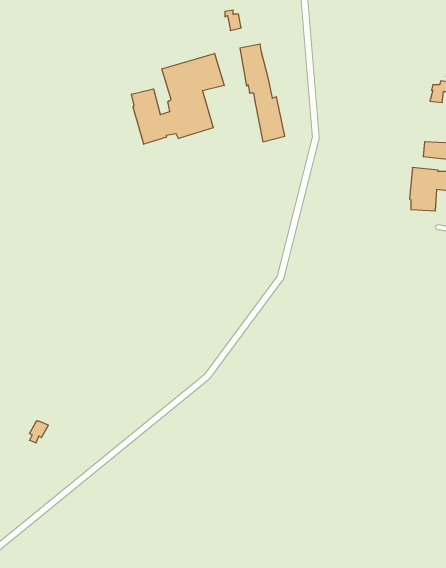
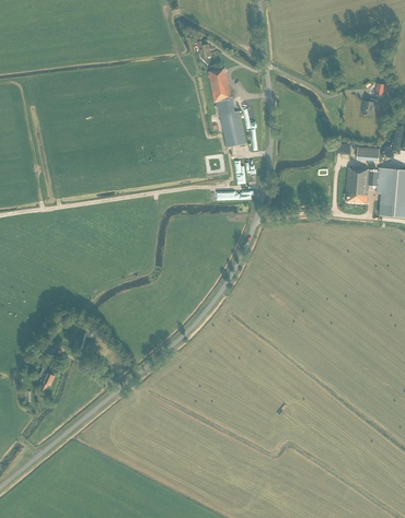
building: [132,53,224,144] -> none

